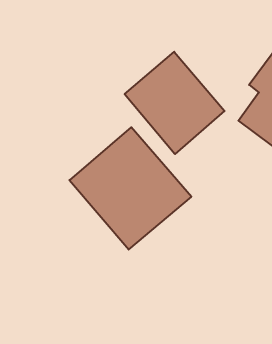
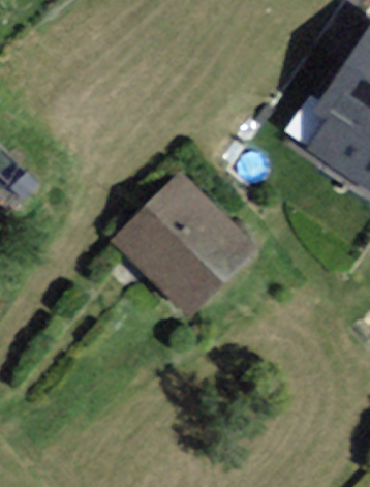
building: [125,52,225,154] -> none

